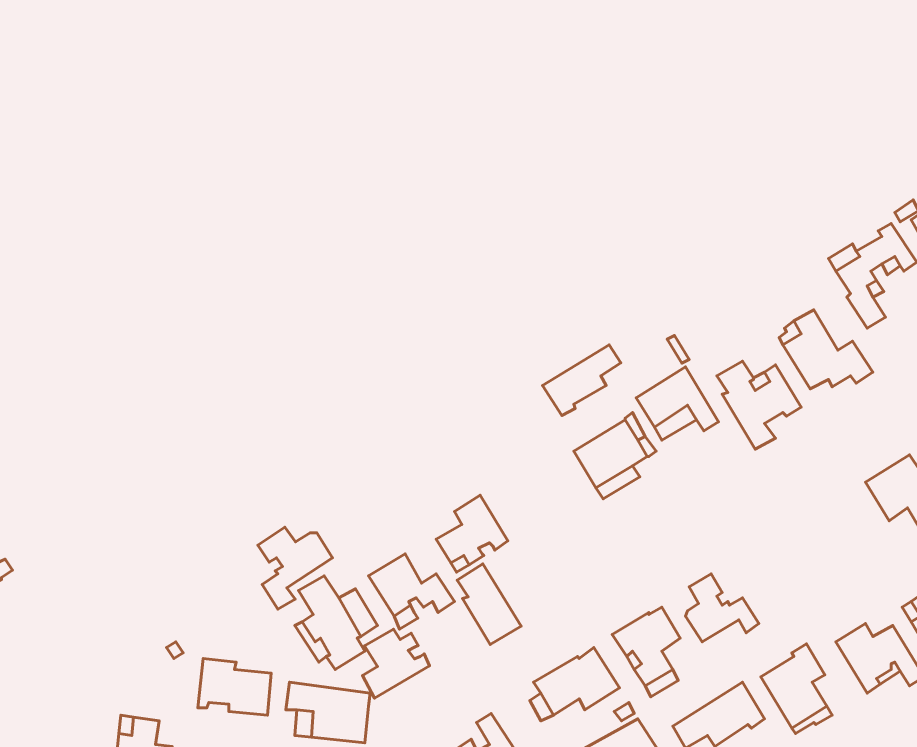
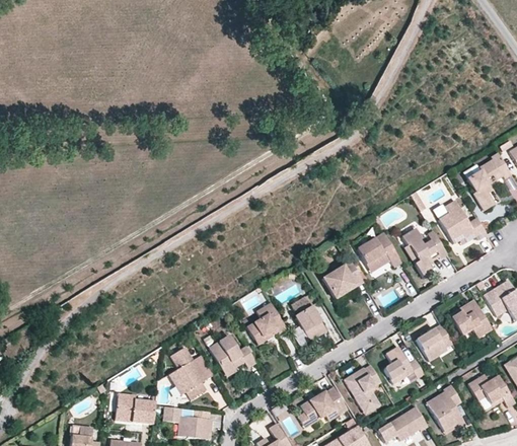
building: [543,345,621,415] -> none
building: none -> [451,299,493,338]
building: [258,527,332,609] -> none
building: none -> [416,323,452,361]
building: [457,564,521,644] -> [291,296,326,341]
building: [362,629,430,698] -> none

